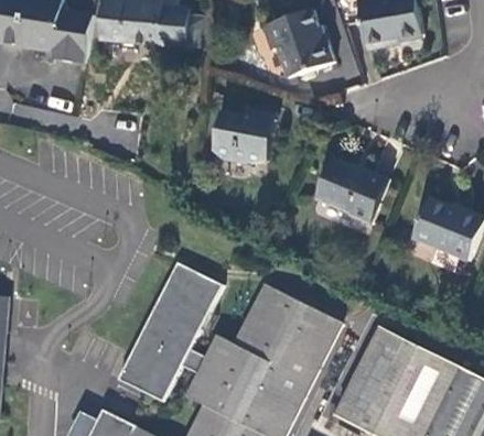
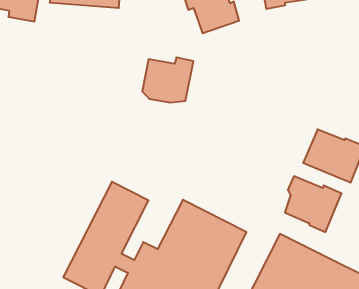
building: [321,159,390,227] -> [285,176,342,232]

